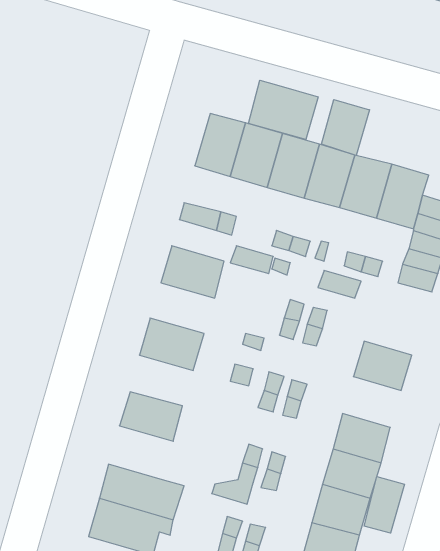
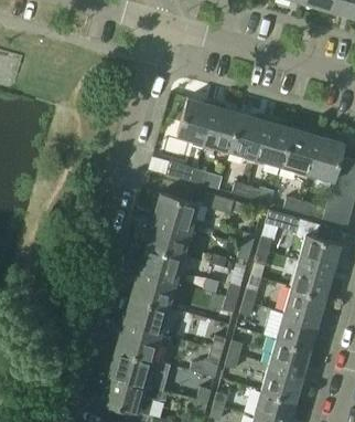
building: [248,80,318,139] -> none
building: [321,100,370,155] -> none
building: none -> [146,220,192,256]
building: none -> [299,235,341,272]
building: none -> [131,272,176,308]
building: none -> [283,287,325,324]
building: none -> [116,323,162,361]
building: [364,477,404,533] -> none

